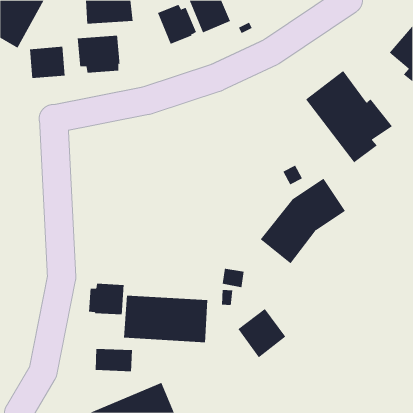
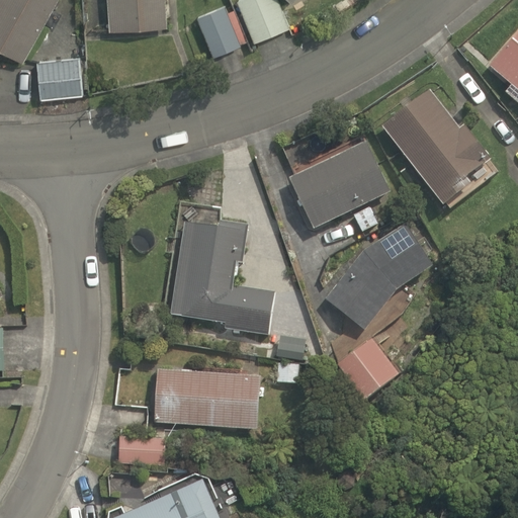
building: [77,35,120,73] -> none
building: none -> [288,140,390,229]
building: none -> [170,201,274,335]
building: [88,283,124,315] -> none
building: [238,308,286,358] -> [337,338,398,401]

